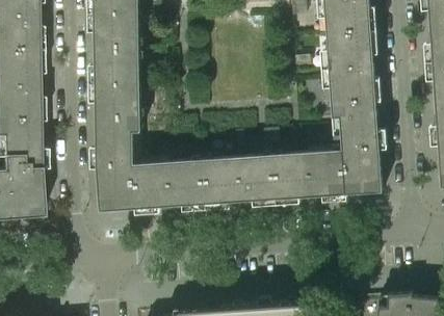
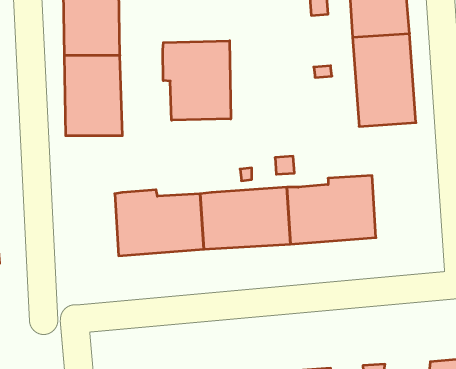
building: none -> [163,41,231,120]
building: [332,102,384,194] -> none
building: [96,112,141,211] -> none

